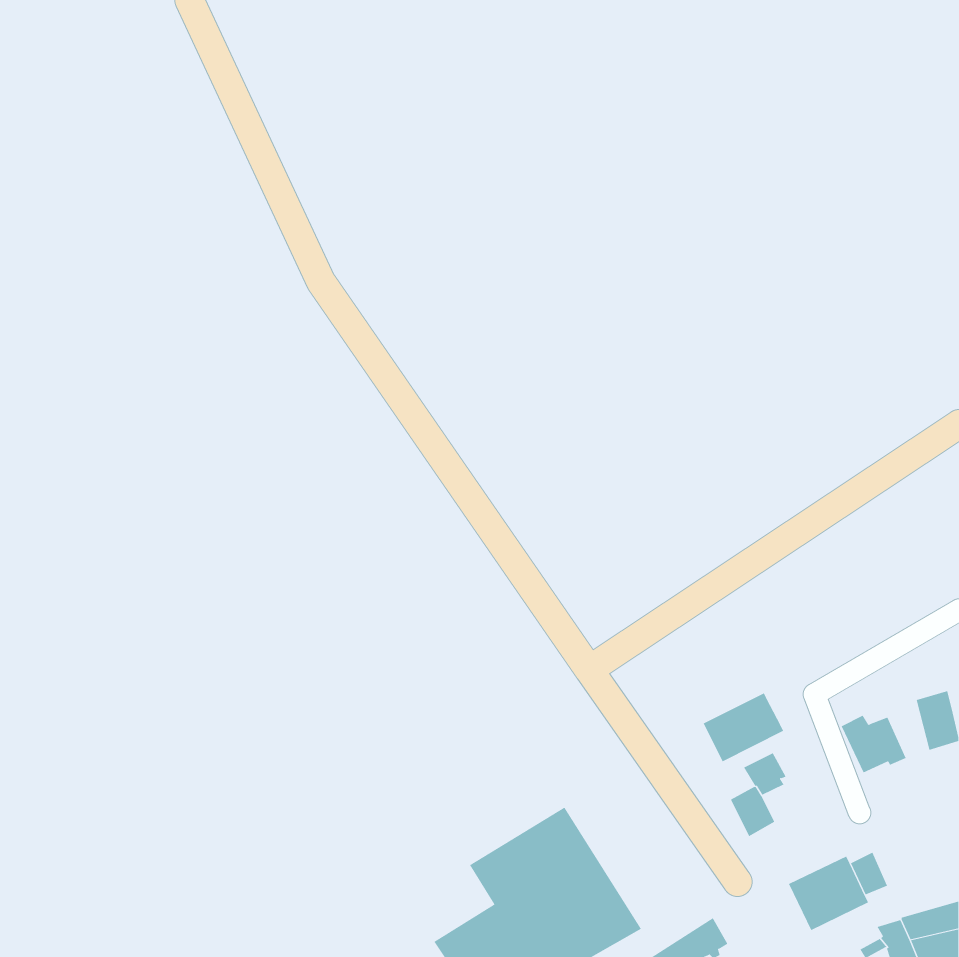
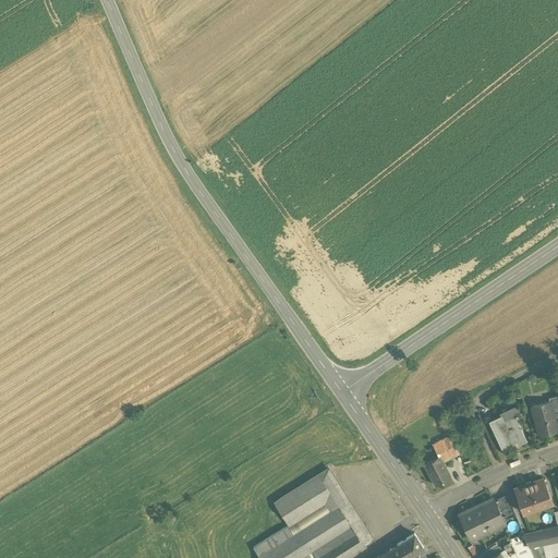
building: [703,692,784,762] -> none
building: none -> [513,480,550,511]

